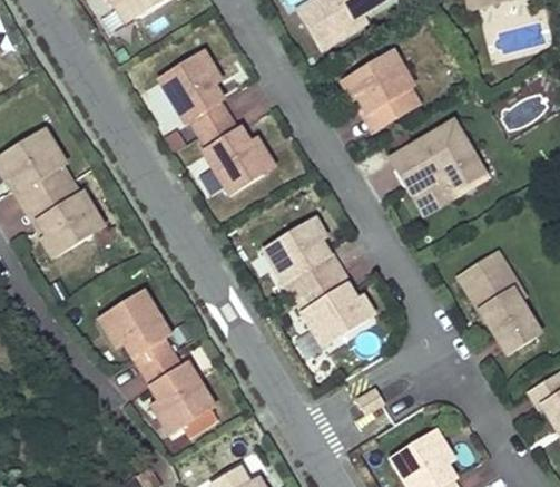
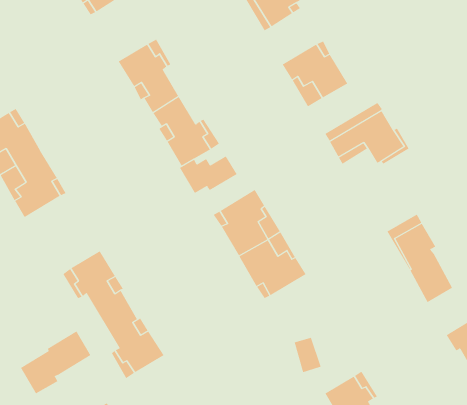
building: none -> [179,155,237,194]
building: none -> [20,330,91,394]

